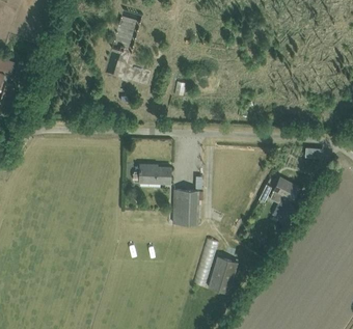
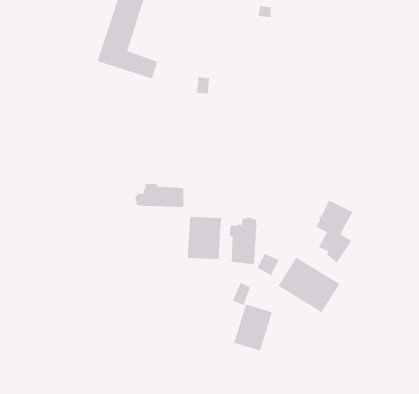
building: none -> [229,217,257,265]
building: none -> [278,257,340,313]

